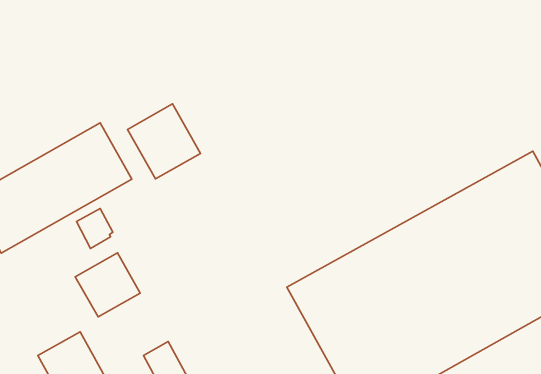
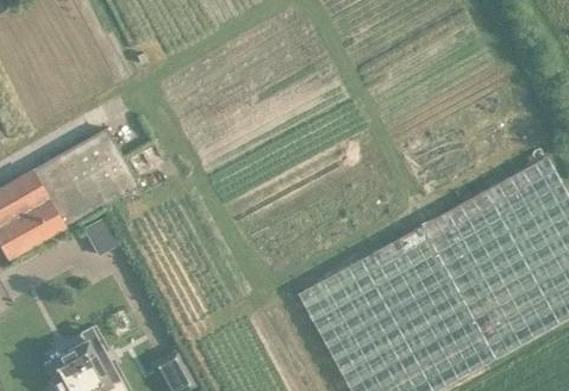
building: [127,104,201,179] -> none
building: [75,253,140,317] -> none

